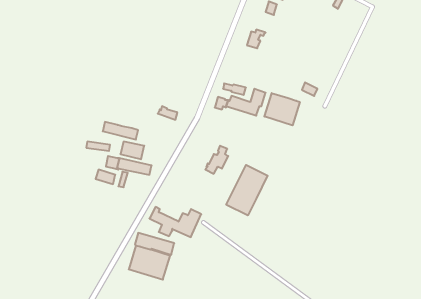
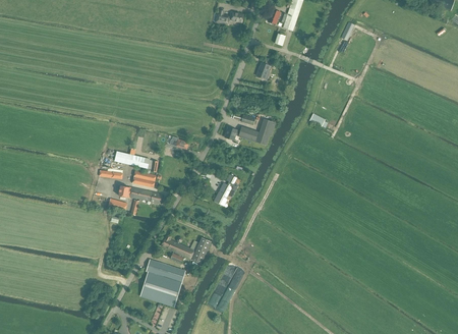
building: [264,93,300,125] -> none
building: [226,165,268,215] -> none

